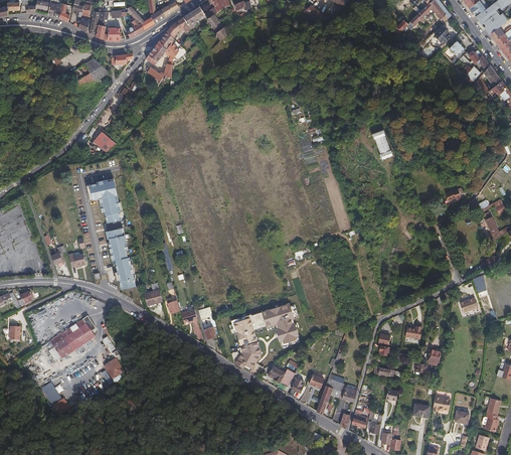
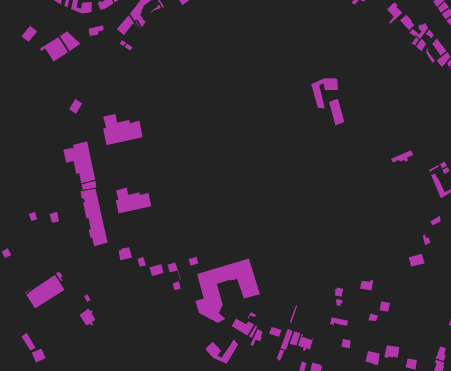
building: none -> [311,78,338,109]
building: none -> [103,113,143,146]
building: none -> [115,187,152,214]
building: none -> [205,339,239,364]

